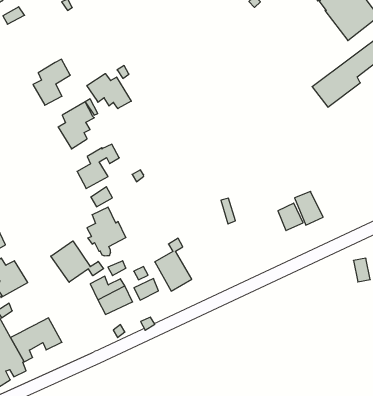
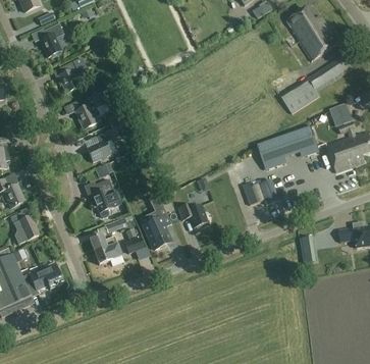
building: none -> [39,22,64,56]
building: [87,74,131,109] -> none
building: none -> [257,125,318,169]
building: none -> [177,202,207,226]
building: [51,241,104,282] -> none

